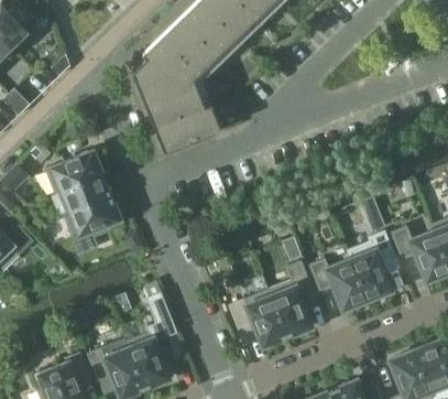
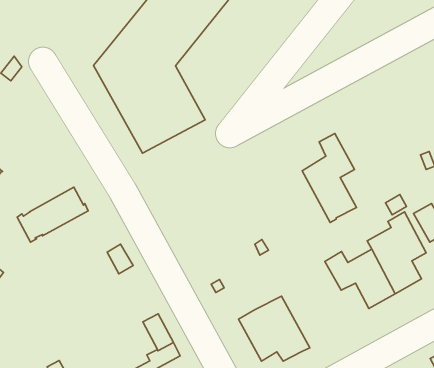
building: [45,151,101,194] -> none
building: [64,196,120,255] -> none
building: [269,261,314,337] -> [302,133,357,222]

